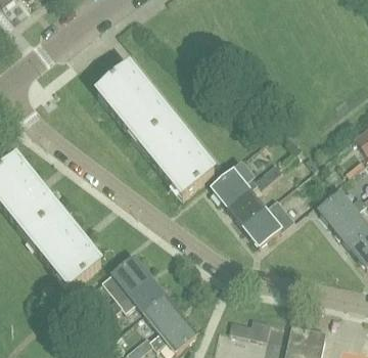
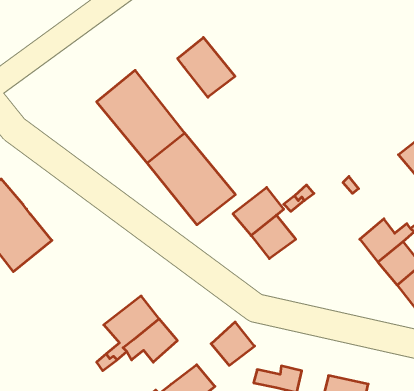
building: none -> [178,37,235,97]
building: [244,199,294,244] -> none
building: [28,210,102,288] -> none
building: [146,295,183,331] -> [211,322,255,365]

